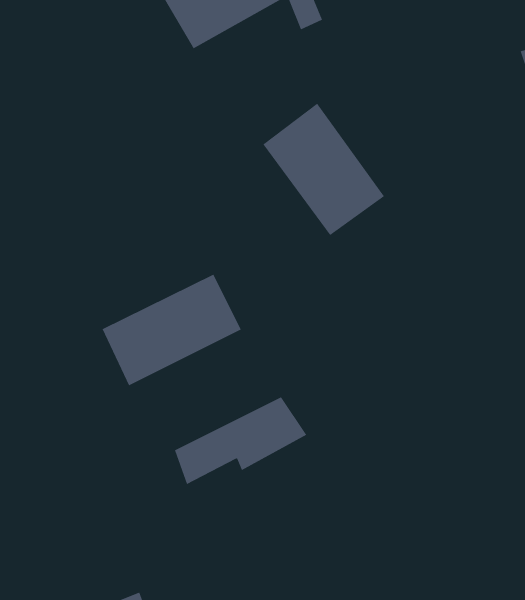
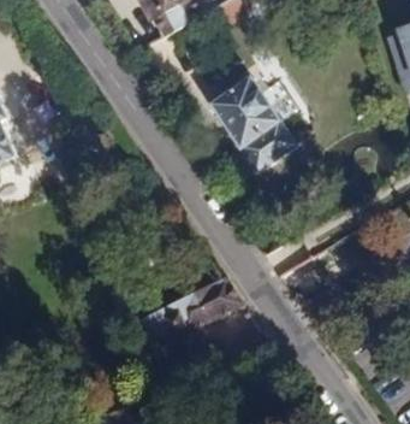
building: [102,274,242,386] -> none

